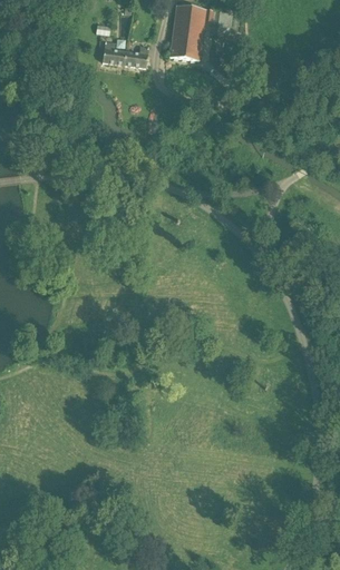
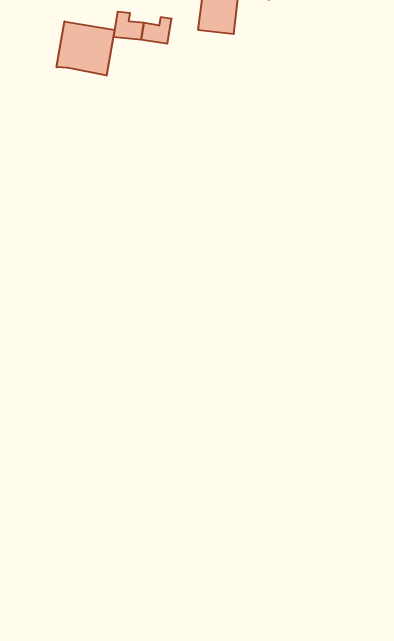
building: none -> [57,21,115,76]

